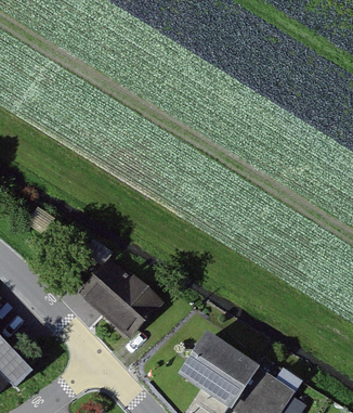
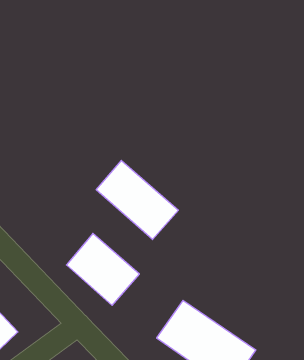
building: none -> [96,160,178,240]

